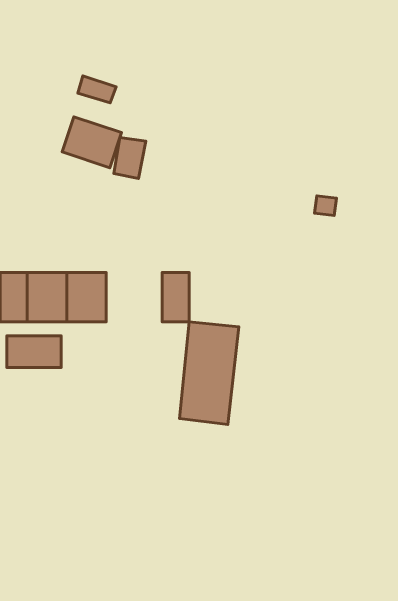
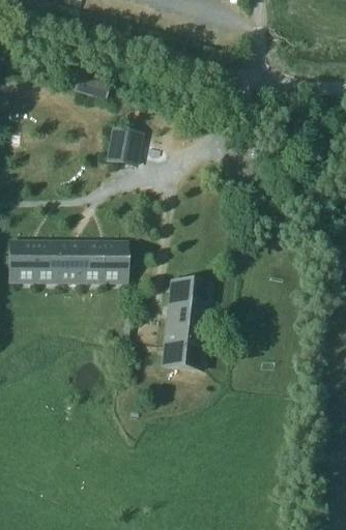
building: [62,117,122,168] -> none
building: [162,272,189,322] -> [100,240,123,282]
building: [7,336,61,367] -> none

